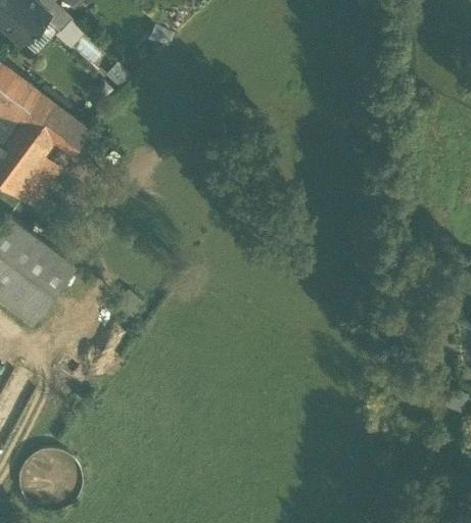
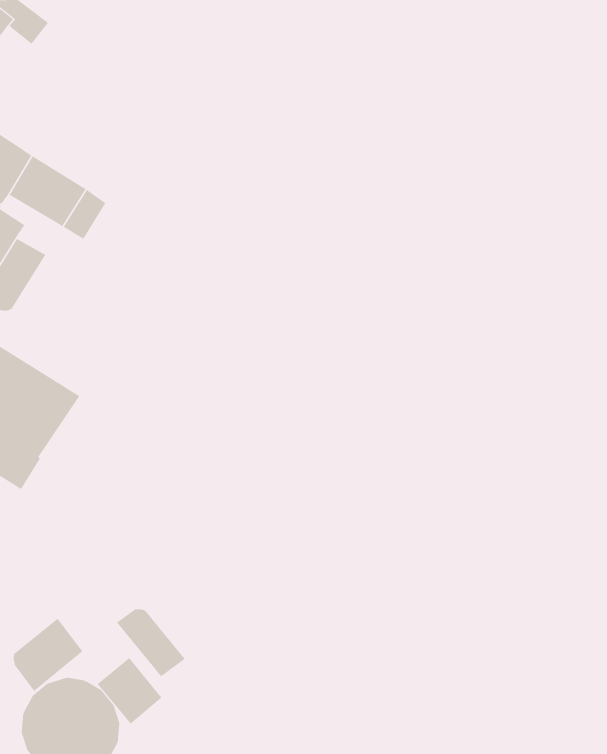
building: none -> [116,609,186,677]
building: none -> [13,618,83,692]
building: none -> [97,657,162,725]

